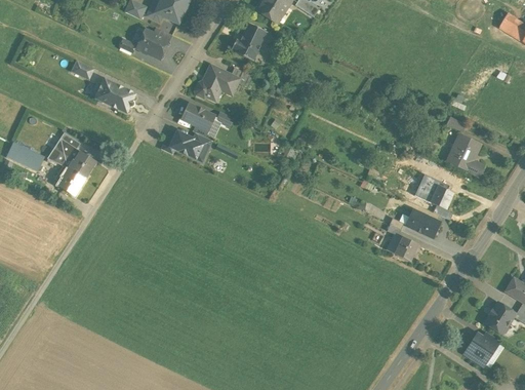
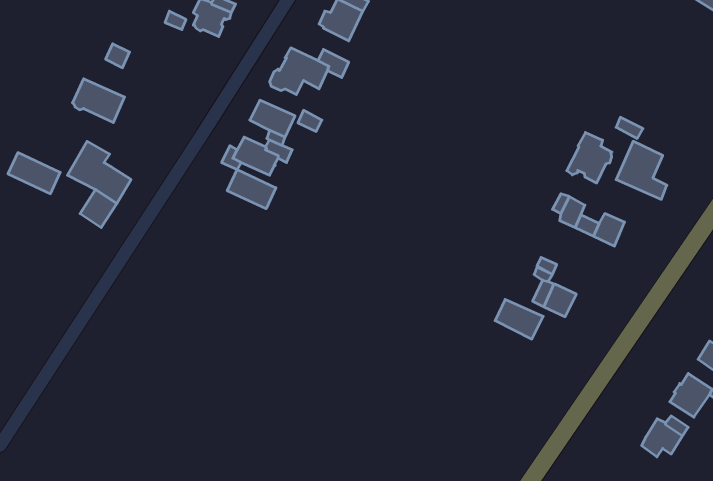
building: [96,80,134,112] -> [72,79,125,123]
building: none -> [567,132,612,183]
building: none -> [227,170,276,209]
building: [406,209,441,238] -> [495,299,543,339]

